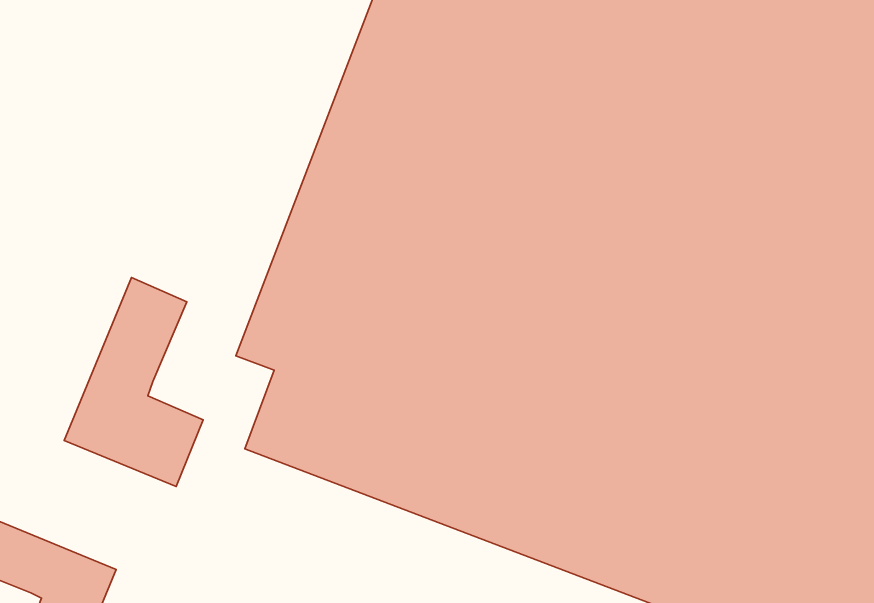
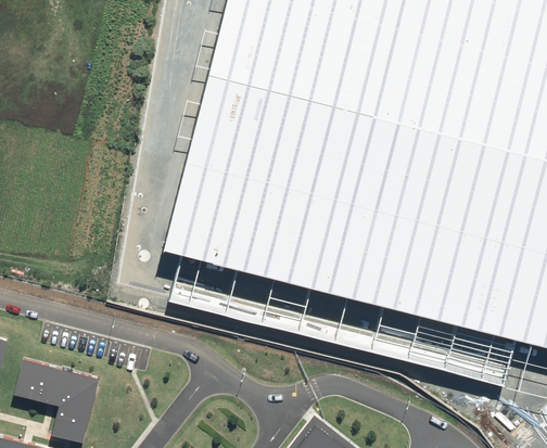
building: [64,278,203,487] -> none

